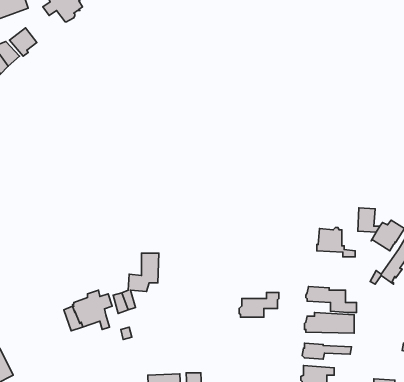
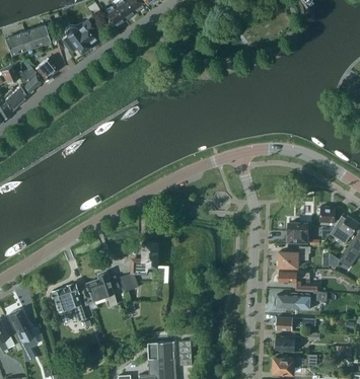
building: [239,292,279,317] -> [278,247,310,268]
building: none -> [53,285,85,322]

